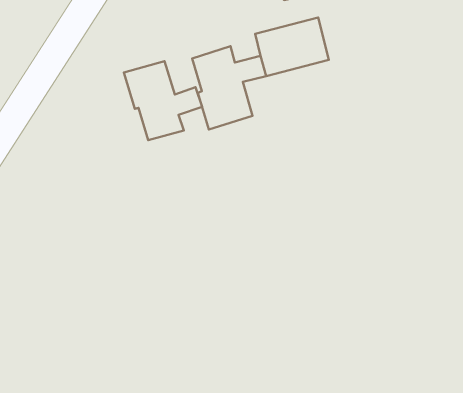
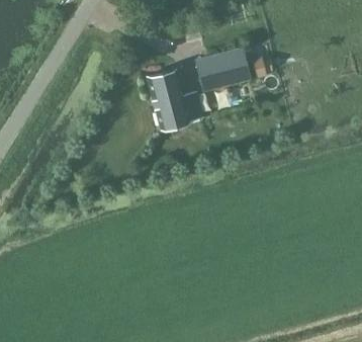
building: [124,61,202,140] -> none

